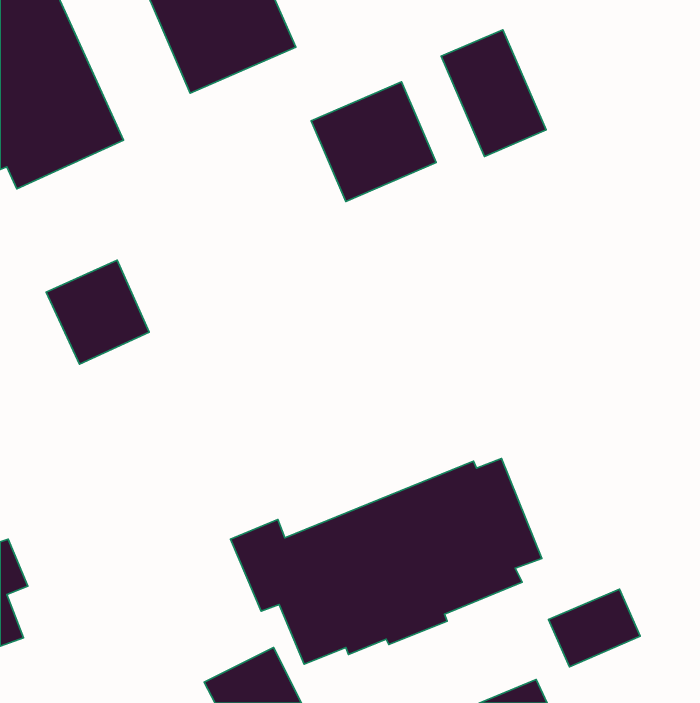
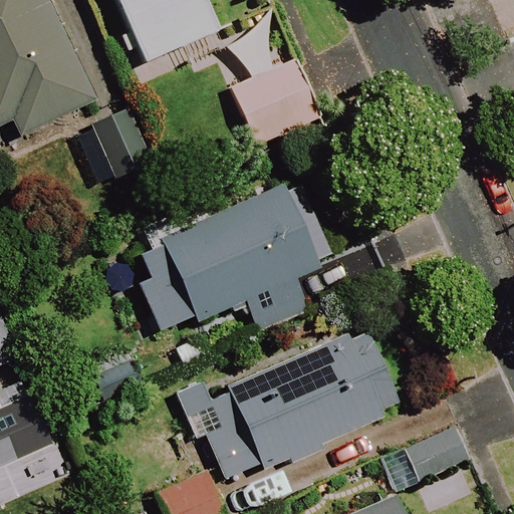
building: [441,30,546,156] -> none
building: none -> [135,168,344,336]
building: [46,260,149,364] -> [75,109,150,185]

